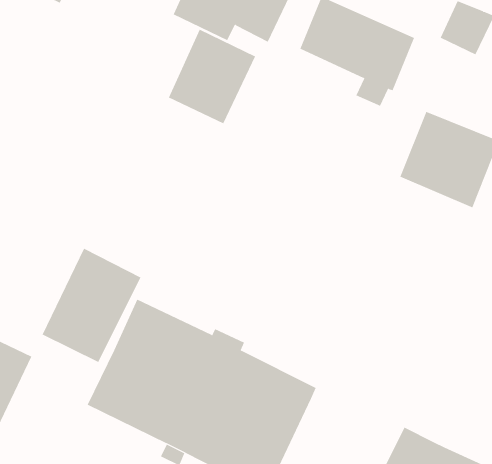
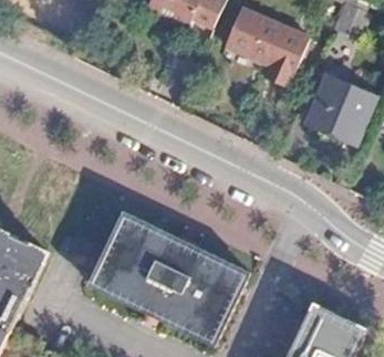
building: [168,29,256,124] -> none
building: [42,248,141,363] -> none

